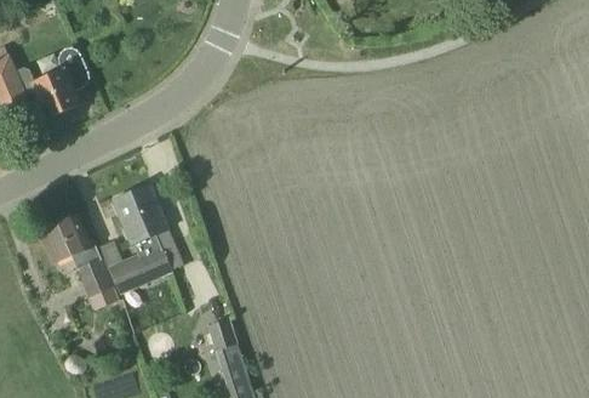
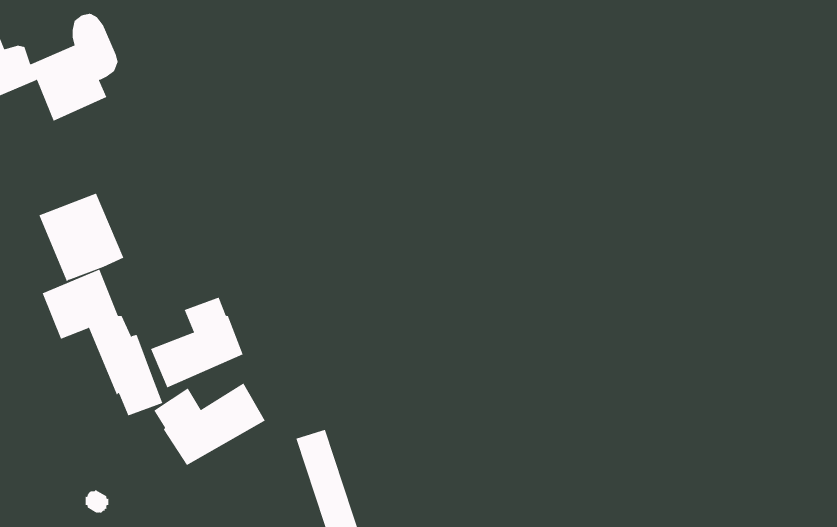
building: [114,183,170,241] -> [39,193,124,282]
building: none -> [154,383,266,466]

